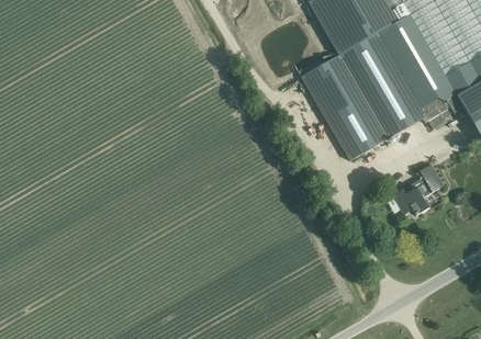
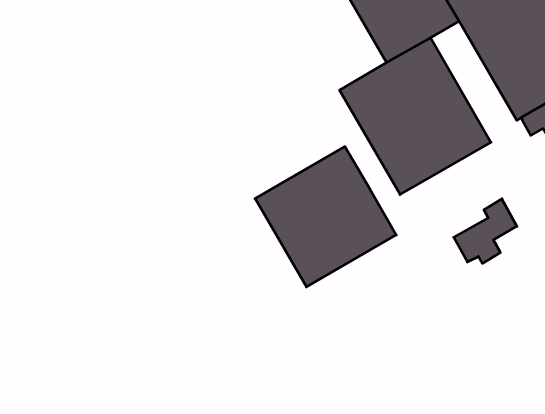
building: [374,21,452,127] -> none
building: none -> [255,147,396,287]

